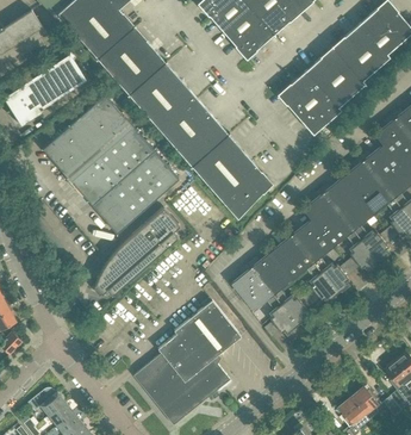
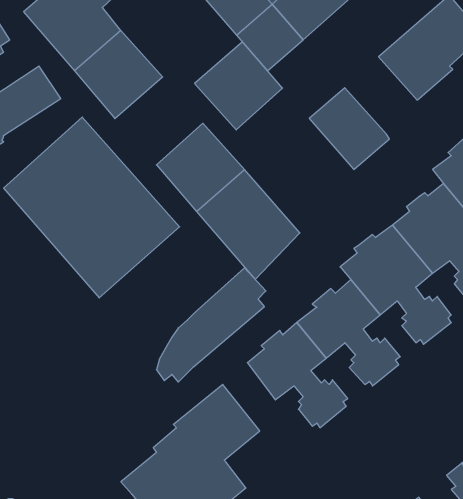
building: [306,48,366,107] -> none
building: [129,63,197,131] -> [195,42,283,130]
building: [95,207,180,296] -> [156,268,266,382]

